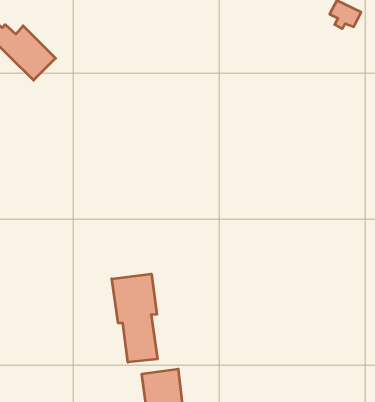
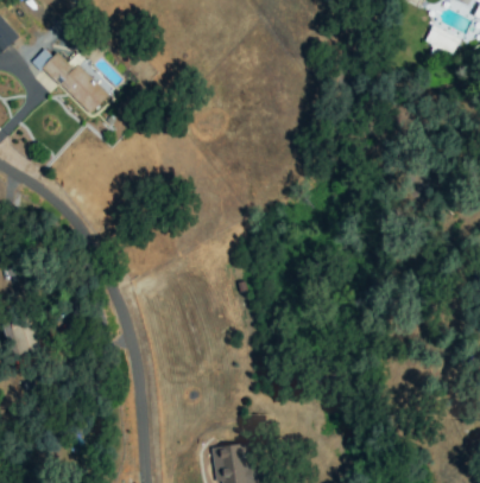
building: [112,274,157,362] -> none

